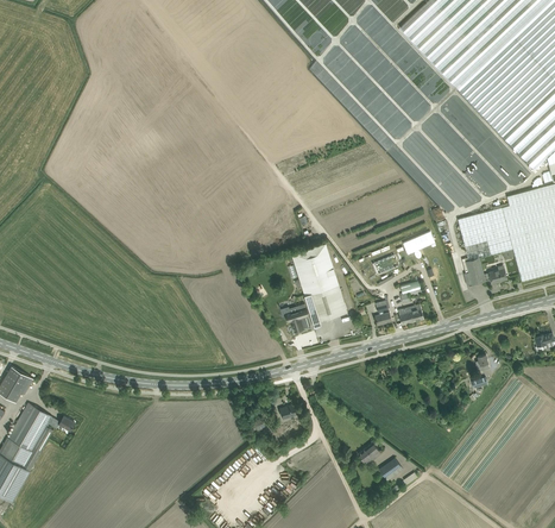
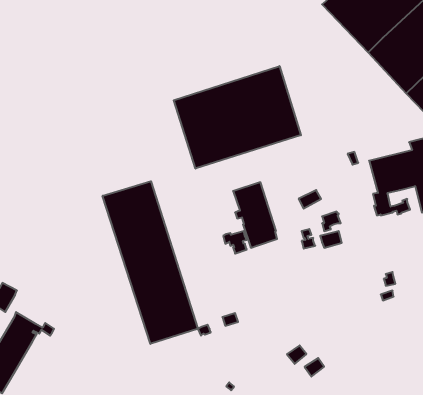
building: none -> [174,66,301,169]
building: none -> [103,181,198,344]

